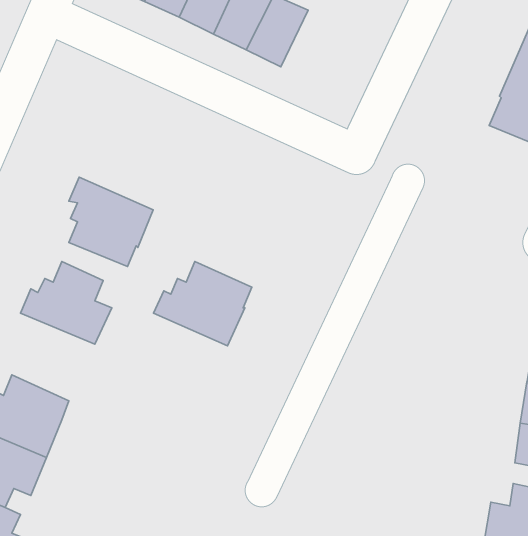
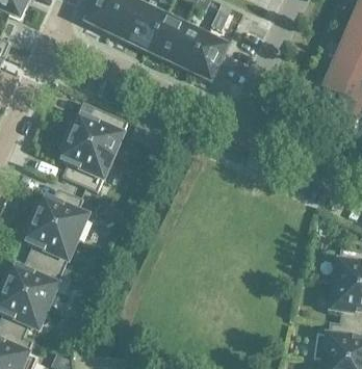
building: none -> [189,36,226,80]
building: [154,261,252,346] -> [68,106,127,157]
building: none -> [26,219,77,272]

